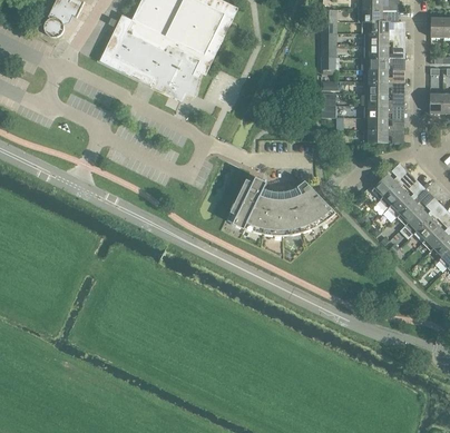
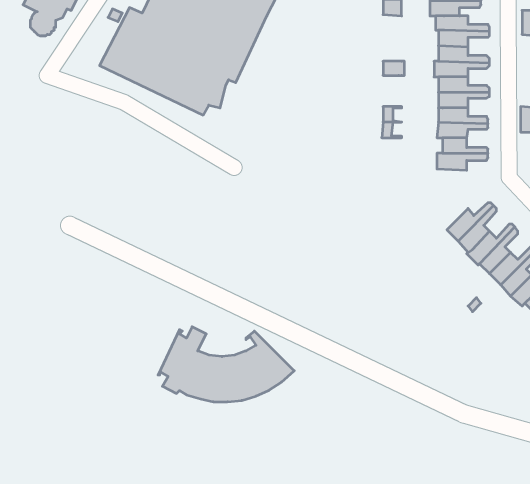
building: [229,176,336,235] -> [158,327,294,402]

